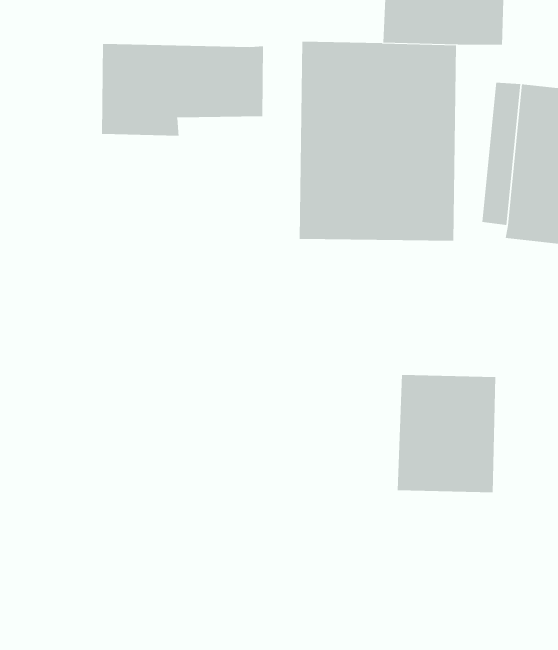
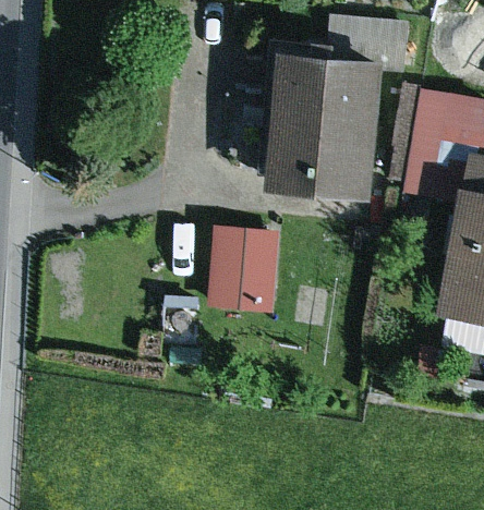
building: [101,43,263,137] -> none
building: [397,375,496,493] -> [210,230,283,315]

